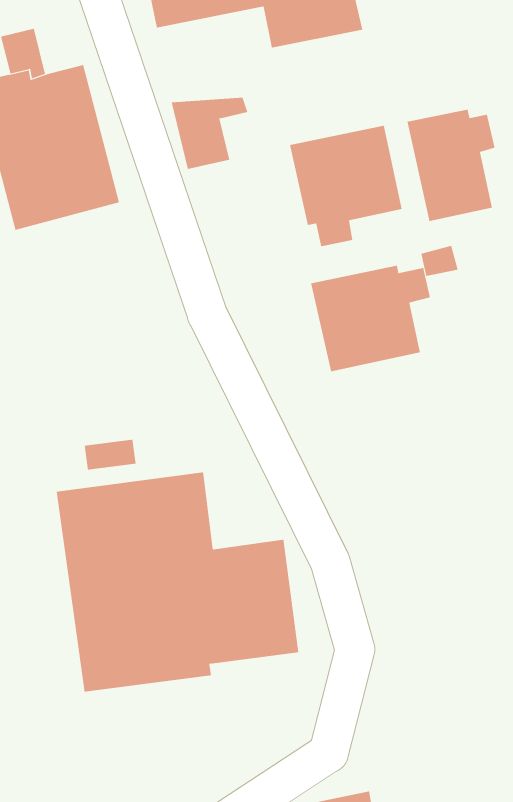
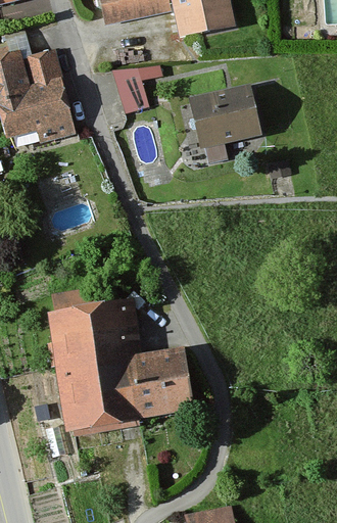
building: [407,109,495,222] -> none
building: [310,265,431,372] -> none

